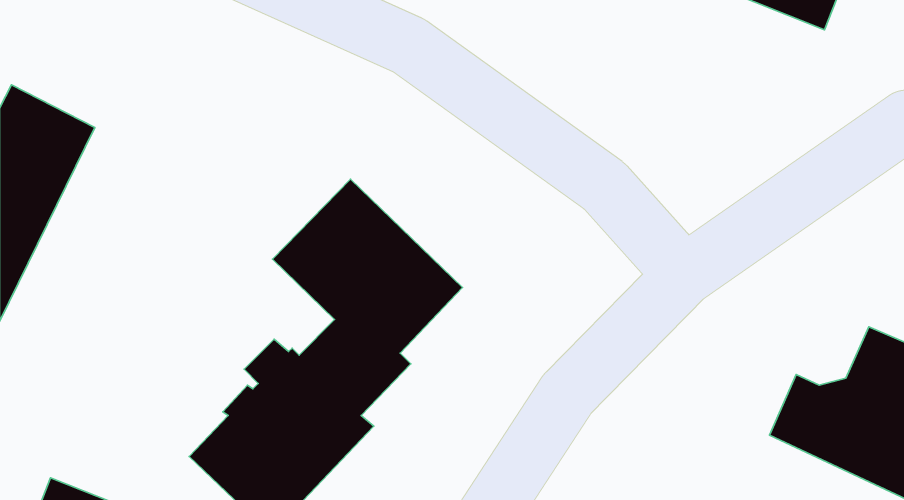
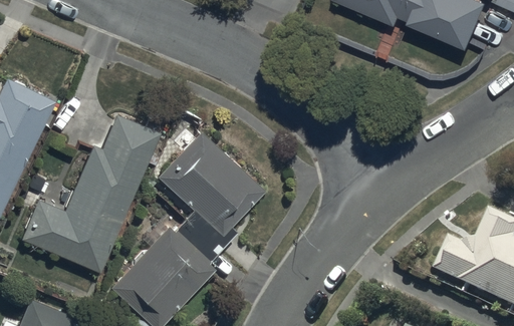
building: none -> [23,117,156,272]

